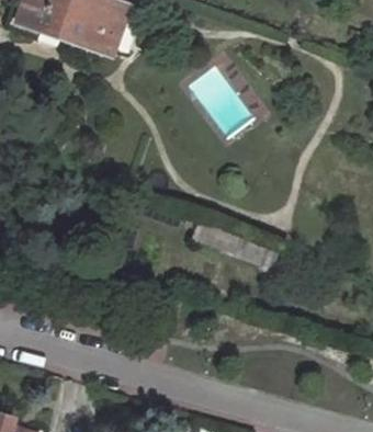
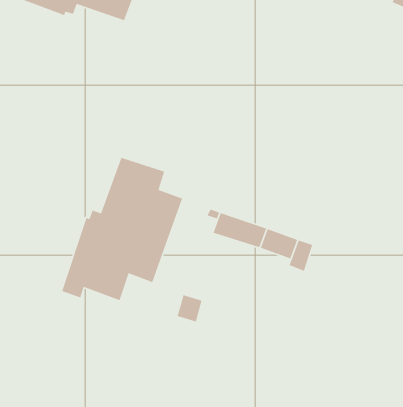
building: none -> [61,157,183,301]

